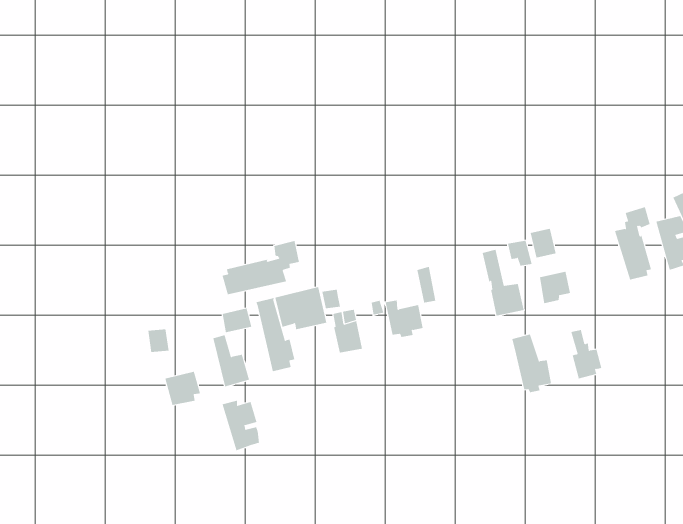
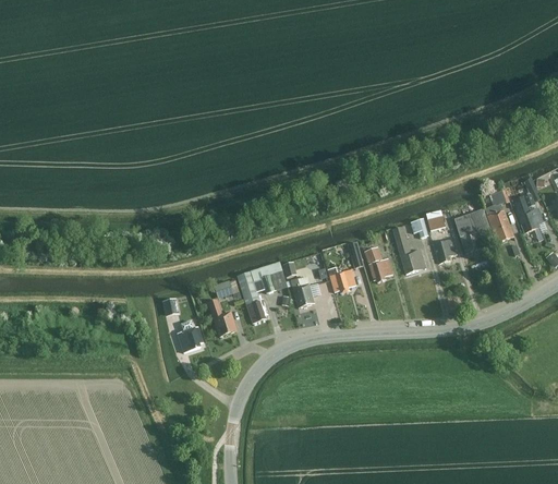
building: [222,240,300,295] -> none
building: [570,329,602,379] -> [457,217,481,252]
building: [511,334,552,393] -> [362,240,392,281]
building: [222,400,259,451] -> none

